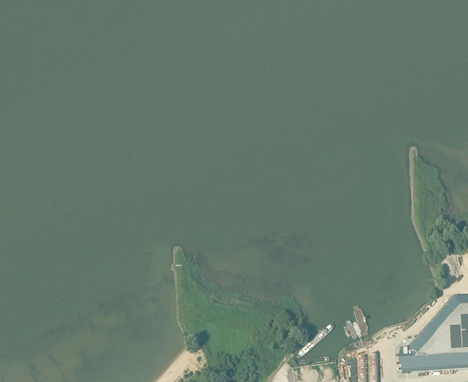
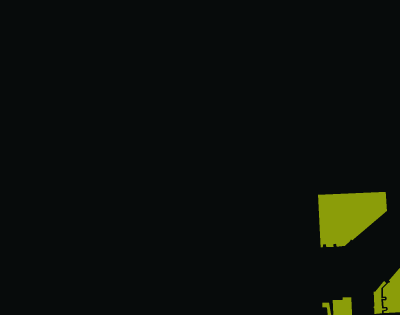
building: none -> [317,191,388,248]

